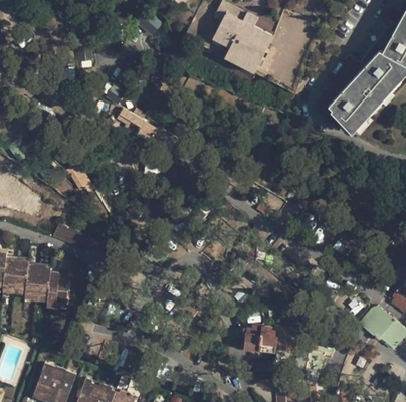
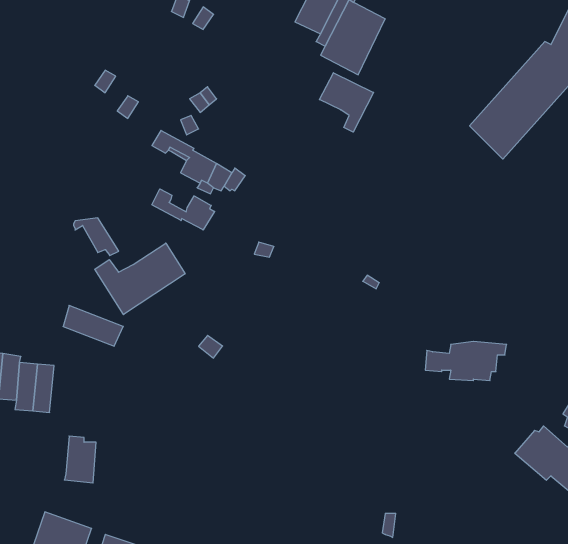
building: none -> [319,73,374,132]
building: none -> [152,189,215,230]
building: none -> [95,243,185,315]
building: [47,271,68,303] -> [64,436,96,483]
building: [244,326,298,352] -> [425,341,507,381]

